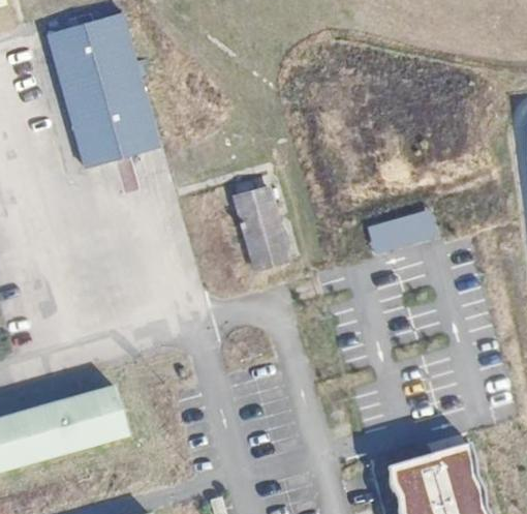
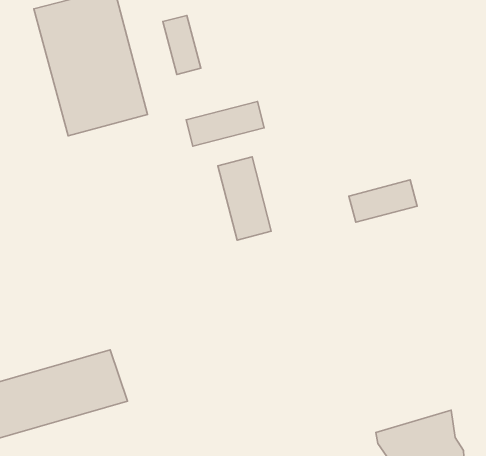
building: none -> [163,16,201,74]
building: none -> [186,102,264,146]

